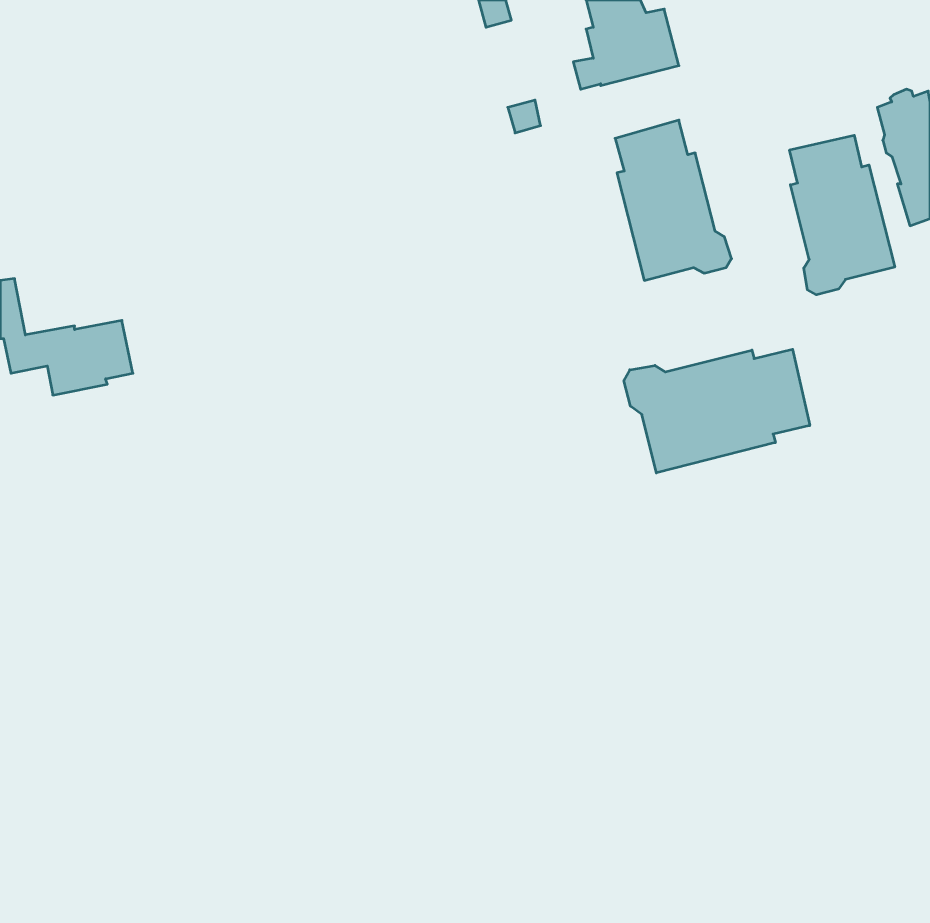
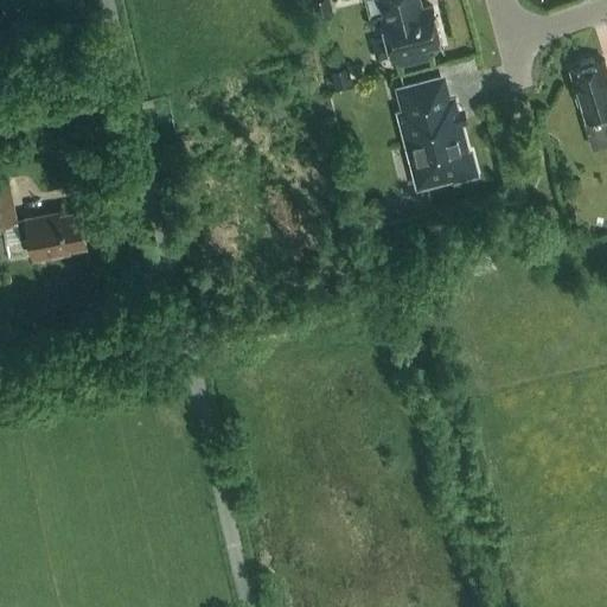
building: [790,135,895,295] -> none
building: [624,349,810,473] -> none

